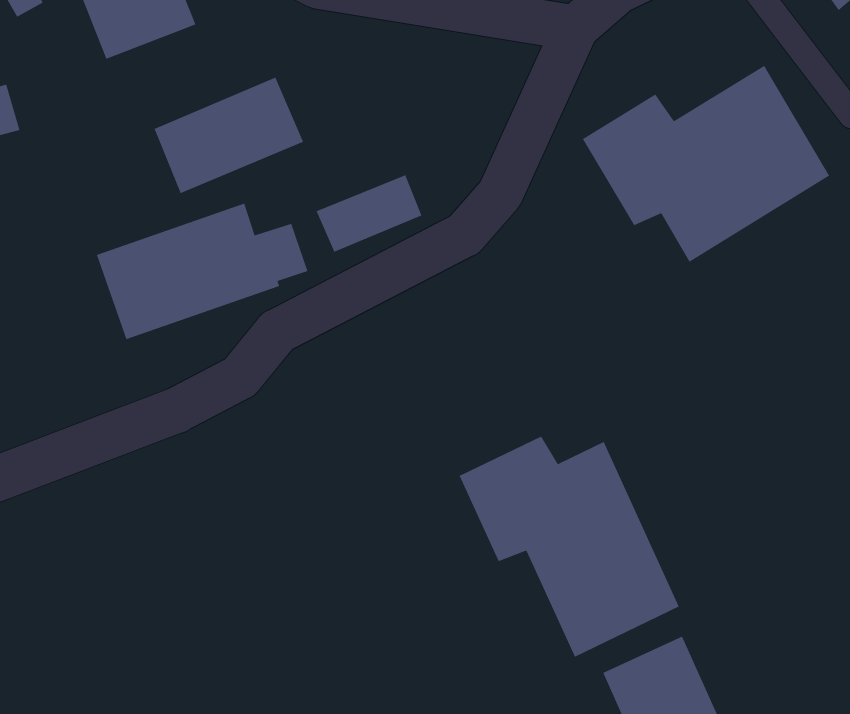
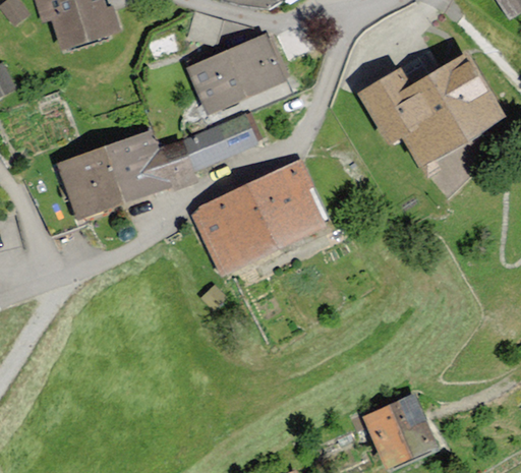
building: [153,77,304,194] -> [190,39,282,110]
building: none -> [193,163,317,270]
building: [458,436,680,658] -> none

